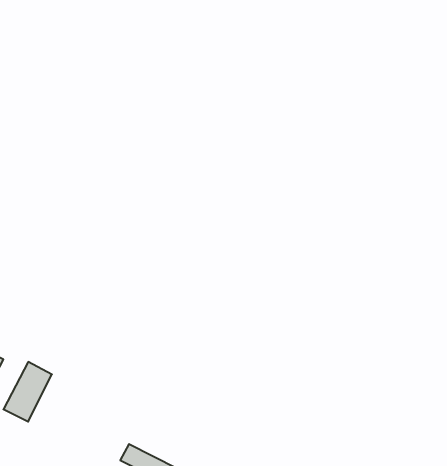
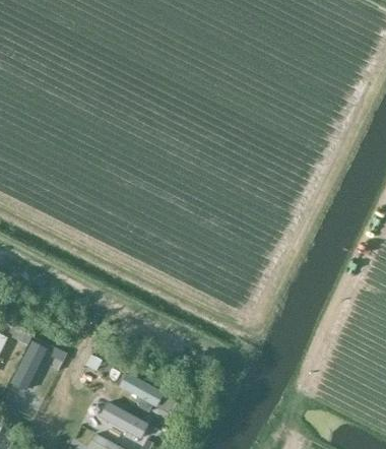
building: none -> [119,374,165,408]

